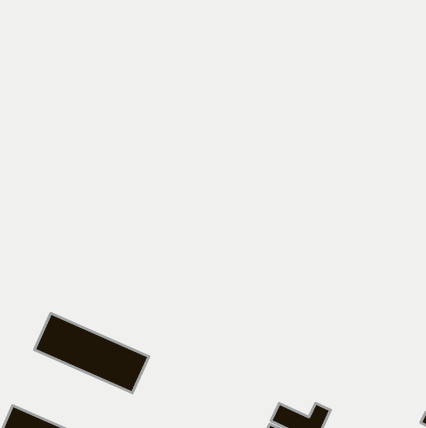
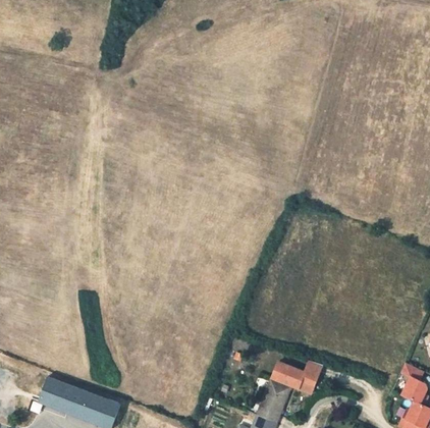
building: [35,313,149,393] -> none

